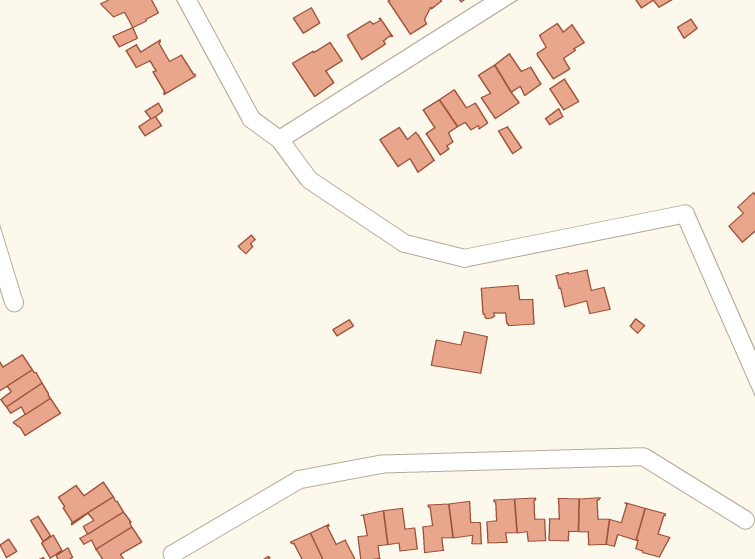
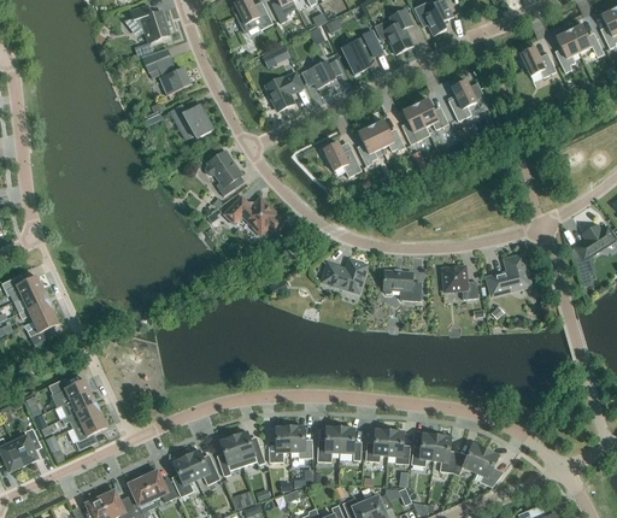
building: none -> [164,104,213,139]
building: none -> [206,149,242,195]
building: none -> [224,196,287,235]
building: none -> [488,255,530,294]
building: [431,332,487,373] -> [322,259,366,292]

